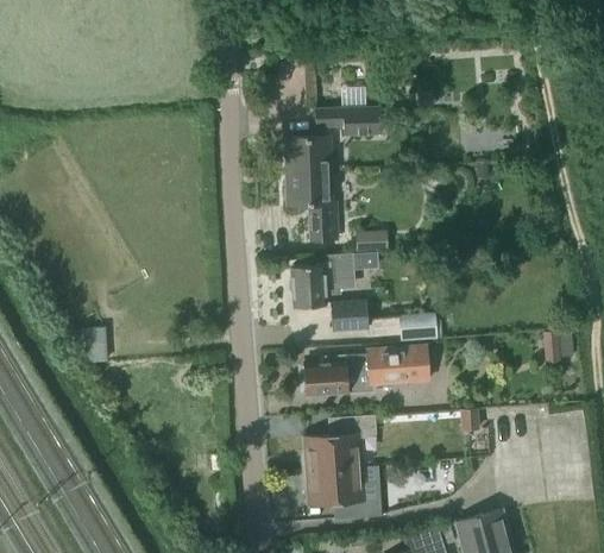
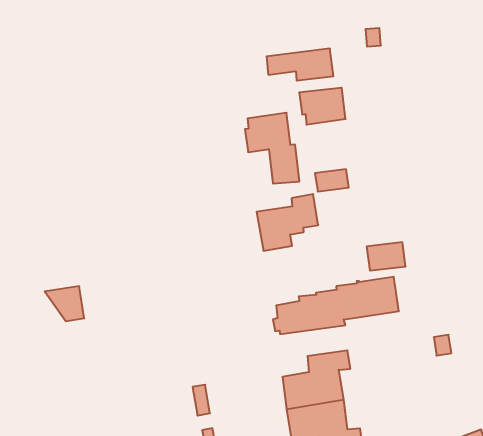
building: [285,137,331,171] -> [299,88,346,125]
building: [331,301,369,332] -> none

